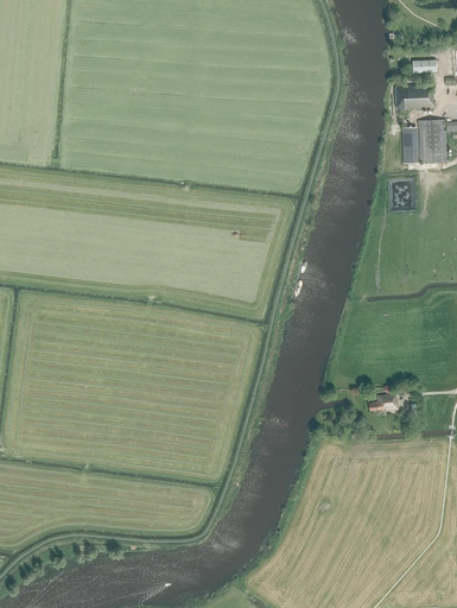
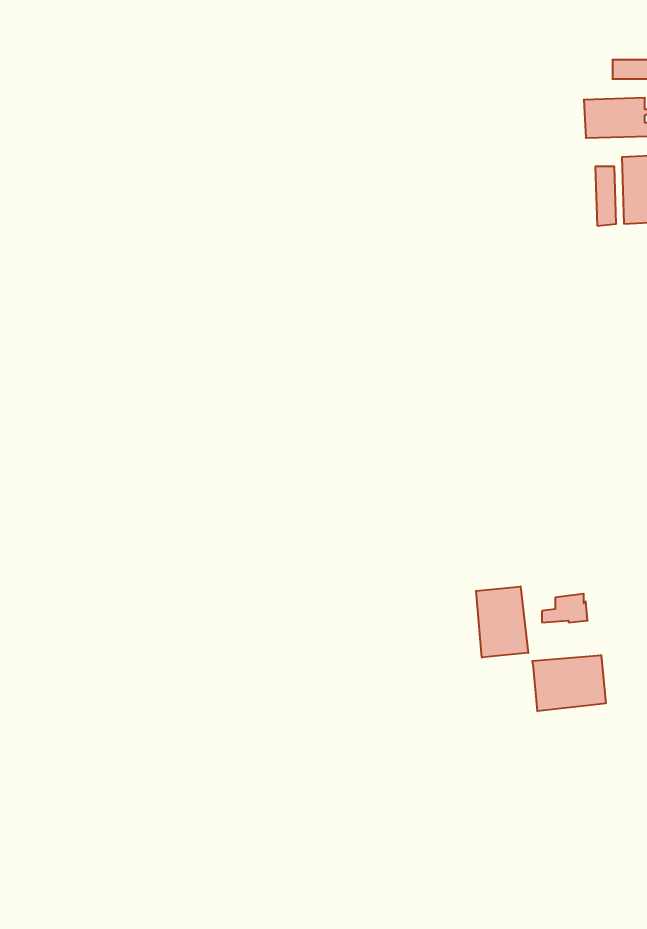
building: none -> [476,586,528,658]
building: none -> [532,655,606,711]

